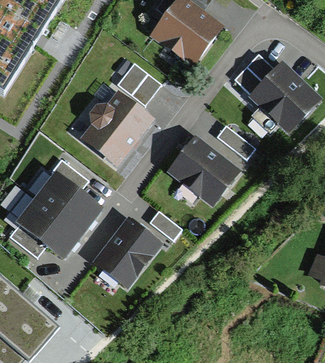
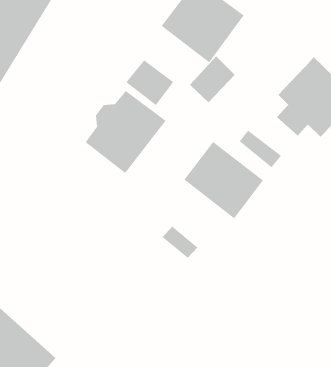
building: [234,53,275,95] -> [189,56,236,103]
building: [13,161,101,254] -> none
building: [91,215,163,289] -> none

